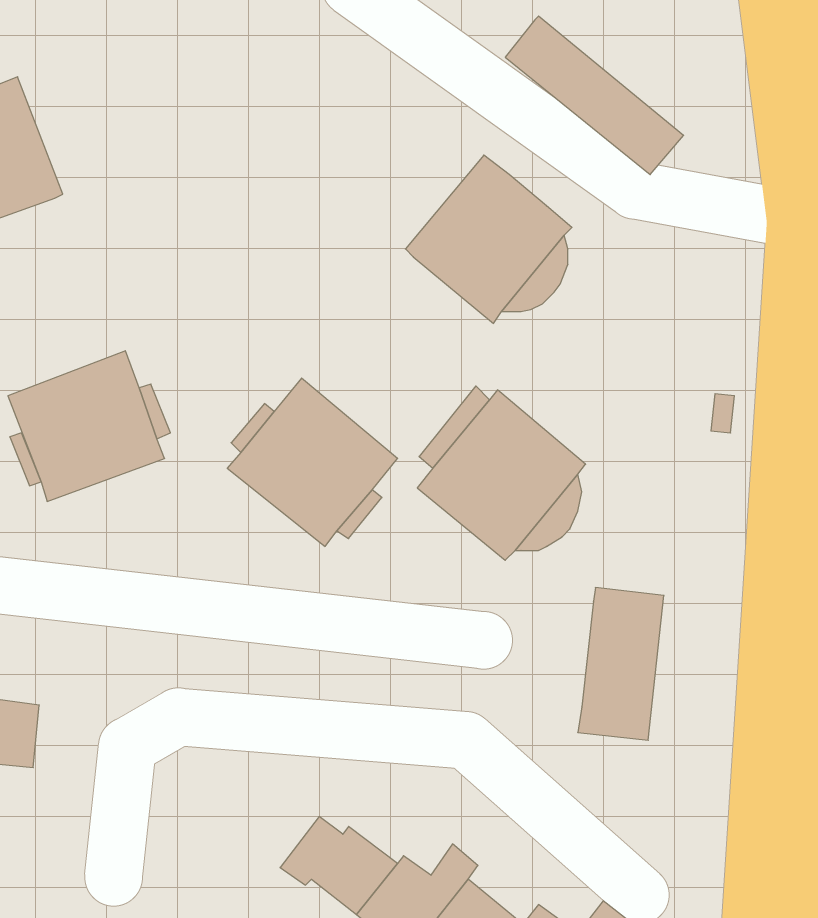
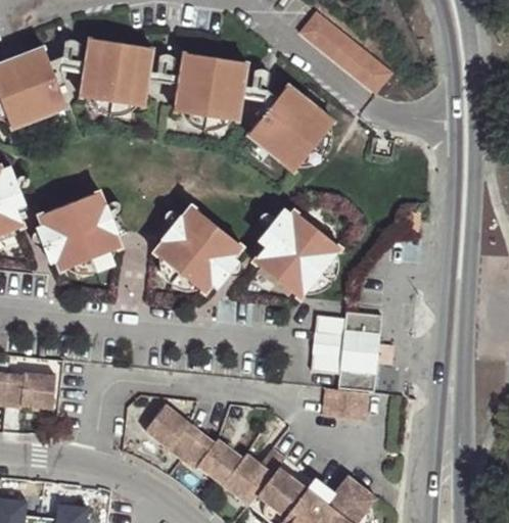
building: none -> [80,38,153,107]
building: none -> [174,54,247,123]
building: none -> [310,316,344,375]
building: none -> [321,389,367,422]
building: none -> [143,402,201,459]

